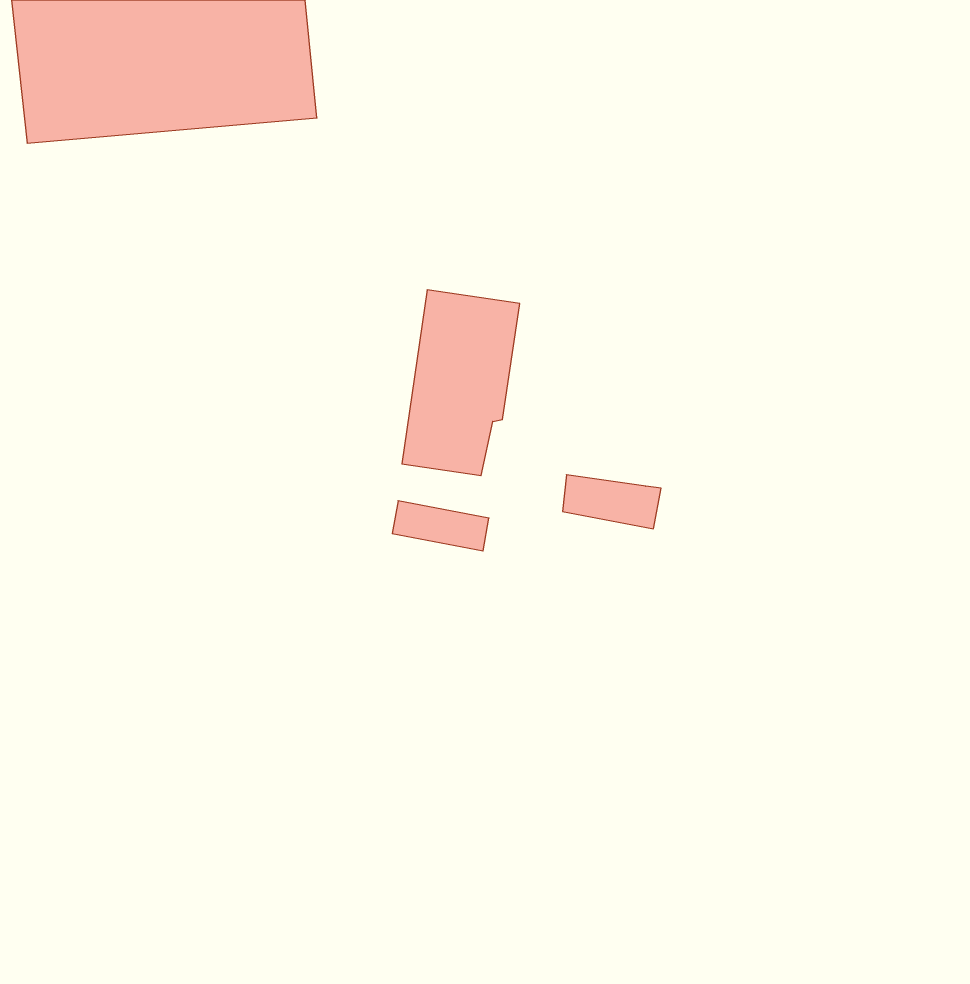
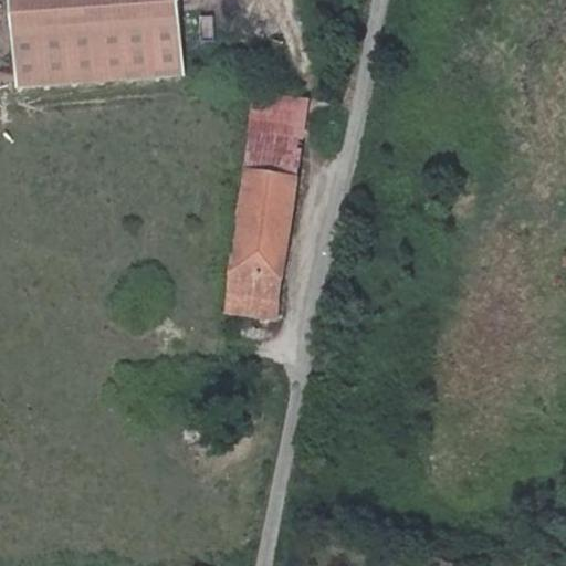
building: none -> [244,90,308,176]
building: [563,475,661,529] -> [228,268,284,298]

